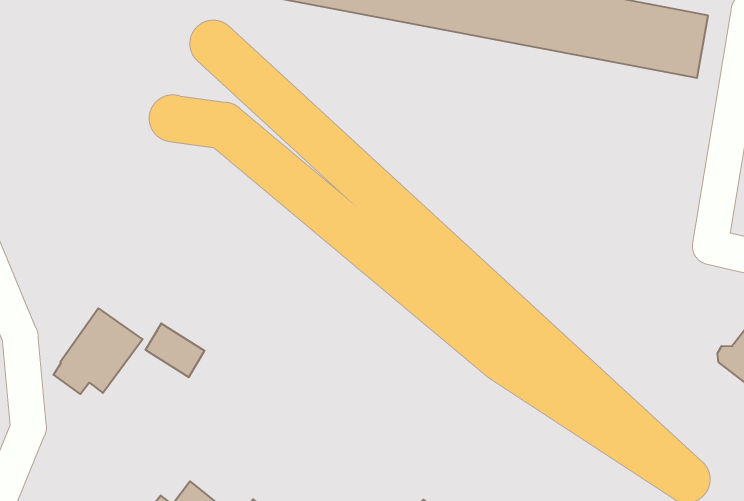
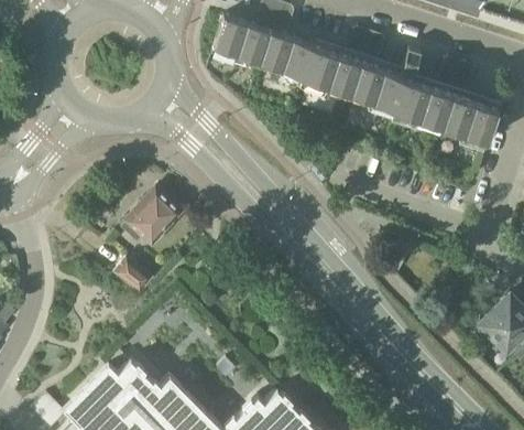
building: [53,308,143,394] -> [122,189,182,243]

